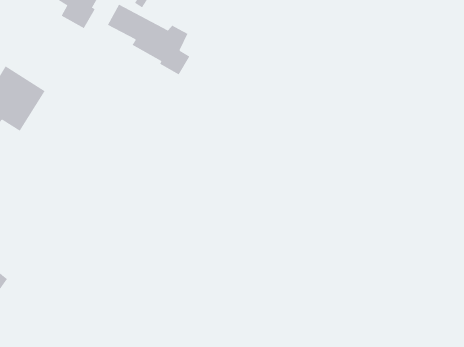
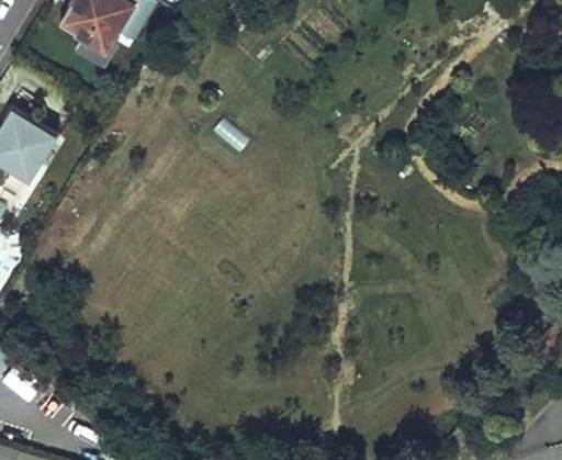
building: [107,4,190,75] -> none

